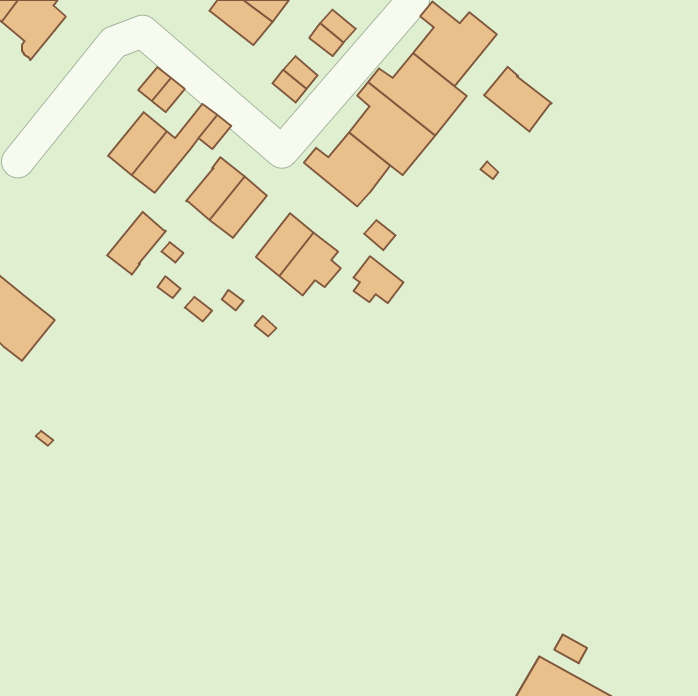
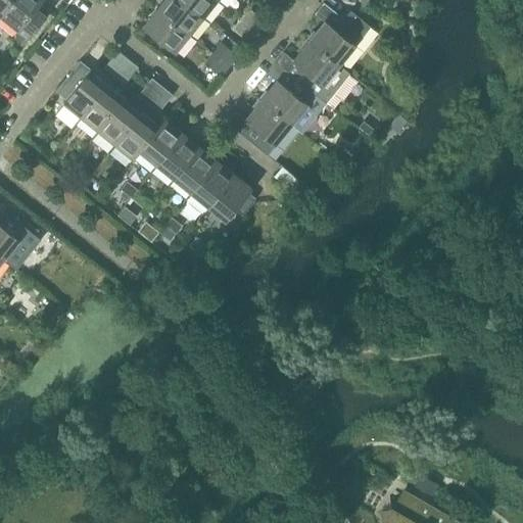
building: none -> [142,10,189,54]
building: [484,67,552,132] -> none
building: none -> [57,72,107,118]
building: none -> [174,148,217,194]
building: [107,212,166,275] -> [115,113,159,160]
building: [353,256,403,303] -> none

